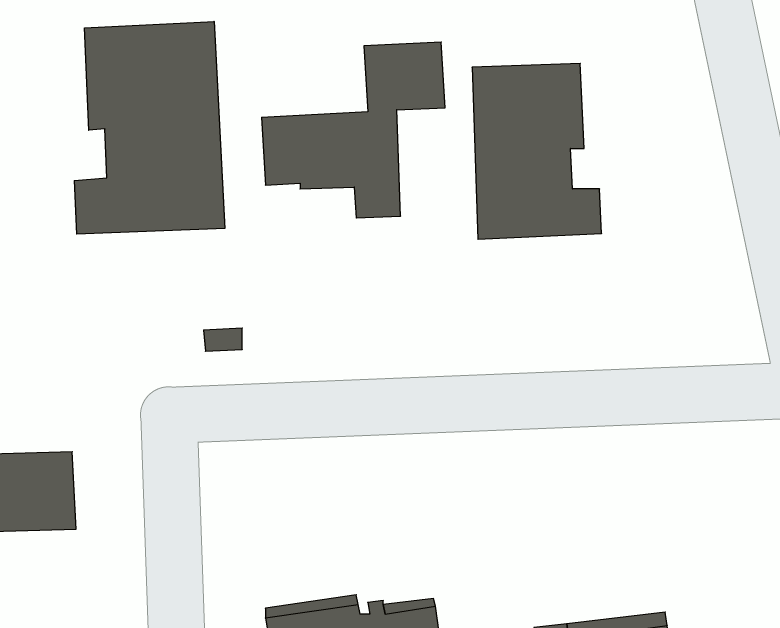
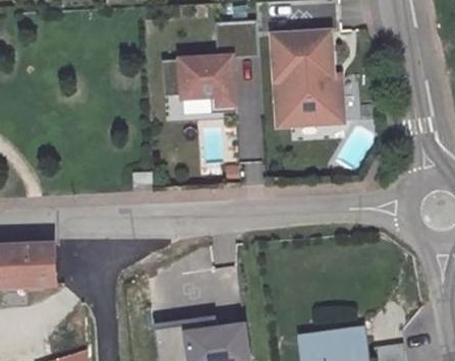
building: [74,21,225,234] -> none

